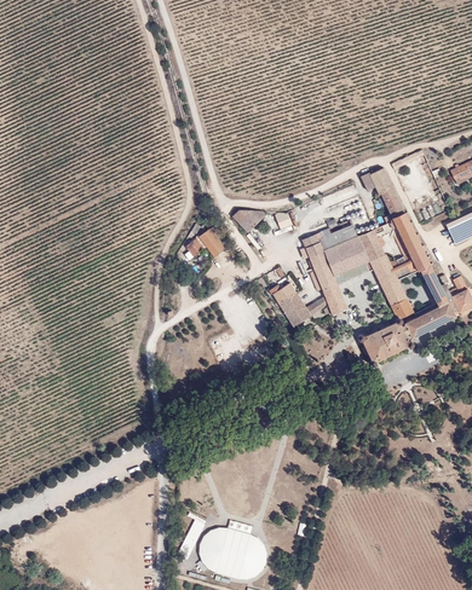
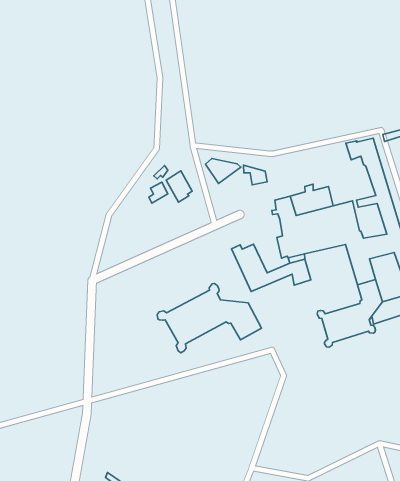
building: none -> [157,284,261,353]

